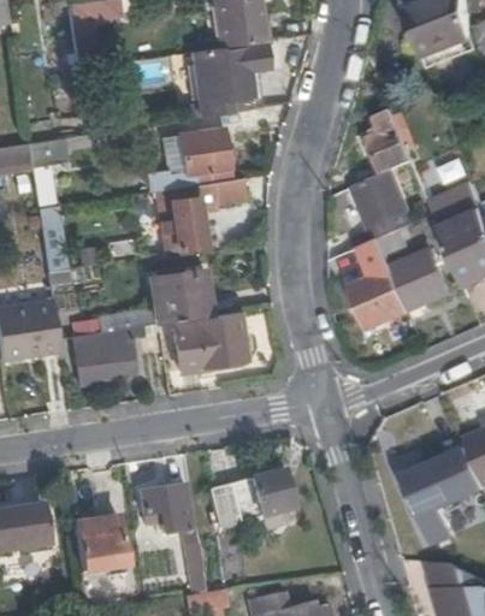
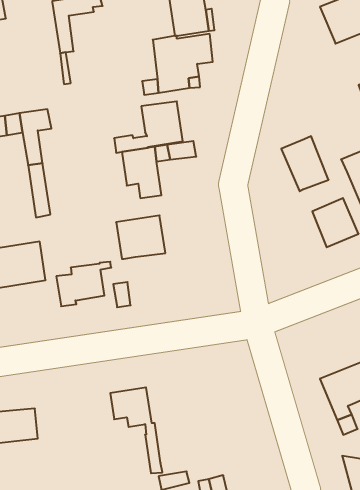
building: [368,112,413,174] -> none
building: [351,237,410,326] -> none
building: [172,312,244,369] -> none
building: [209,470,292,527] -> none
building: [73,517,126,573] -> none

